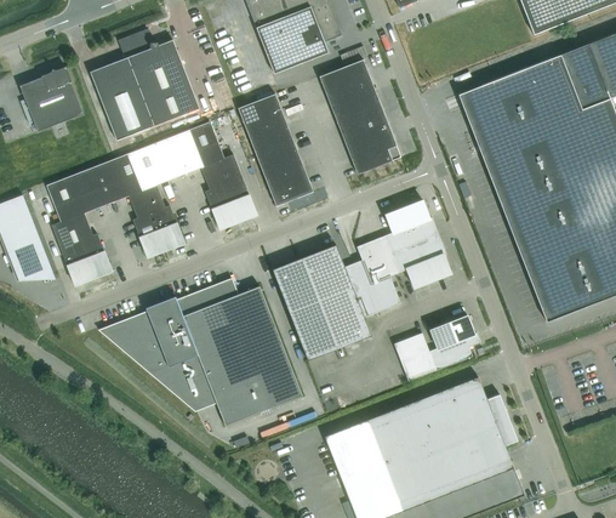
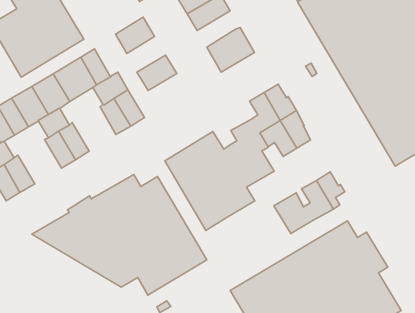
building: [336,103,388,142] -> none
building: [247,119,293,158] -> none
building: [266,167,313,206] -> none

